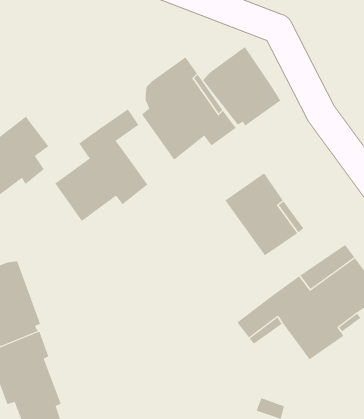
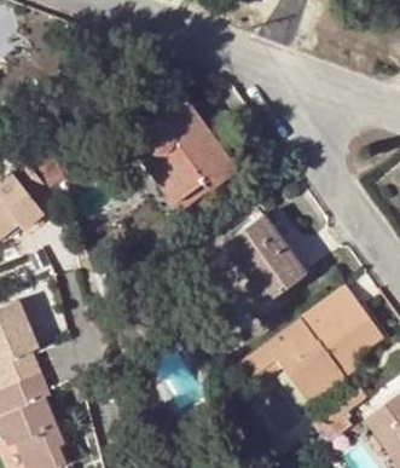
building: [203,46,281,126] -> none
building: [55,109,148,222] -> none

